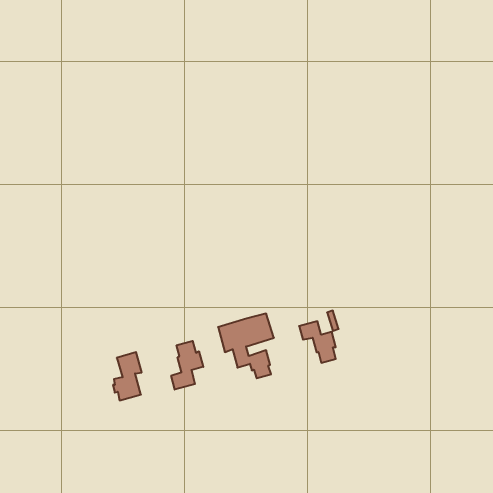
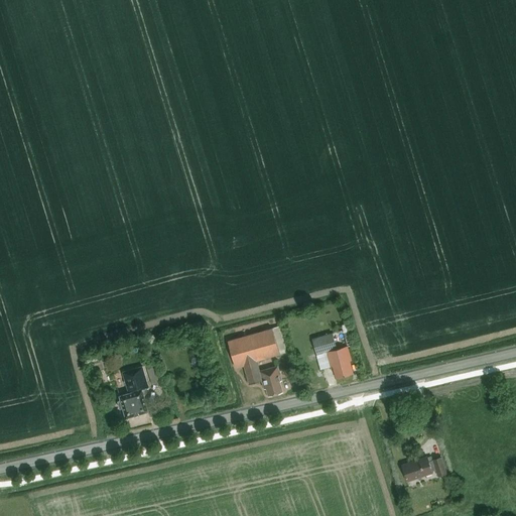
building: [171,341,203,390] -> none
building: none -> [402,456,447,481]

